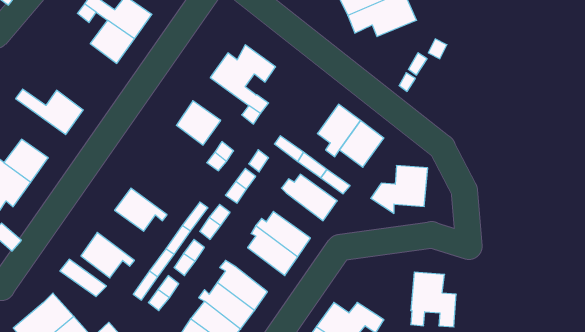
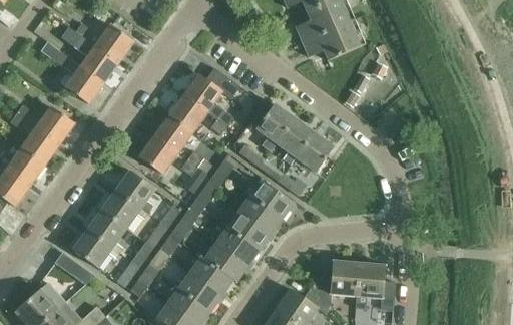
building: none -> [40,41,103,104]
building: none -> [168,95,206,132]
building: none -> [255,103,294,150]
building: none -> [10,113,59,165]
building: none -> [139,136,177,175]
building: none -> [115,171,154,214]
building: [371,166,428,213] -> [310,261,359,302]
building: none -> [237,195,281,234]
building: none -> [86,210,126,253]
building: none -> [204,242,247,282]

